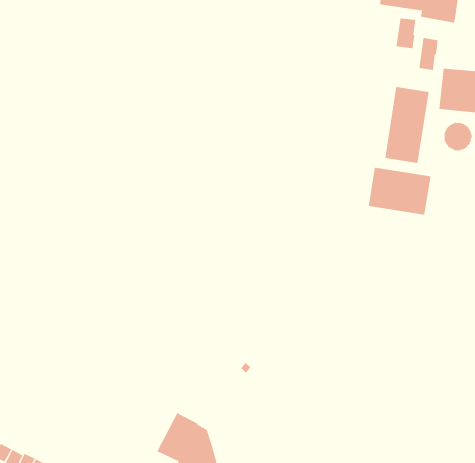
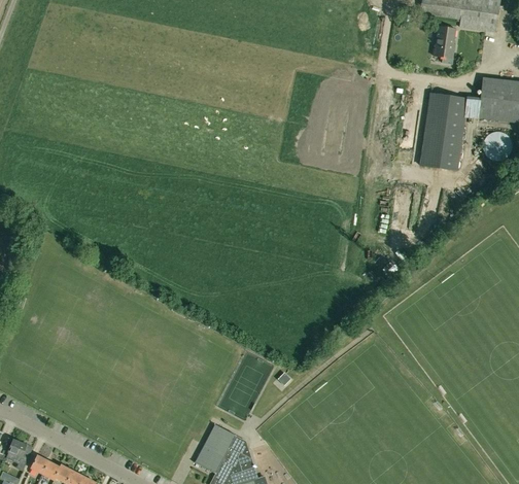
building: [419,37,438,71] -> none
building: [368,167,431,216] -> none

